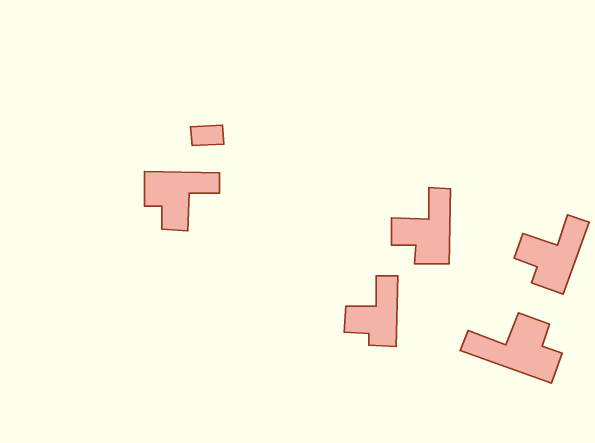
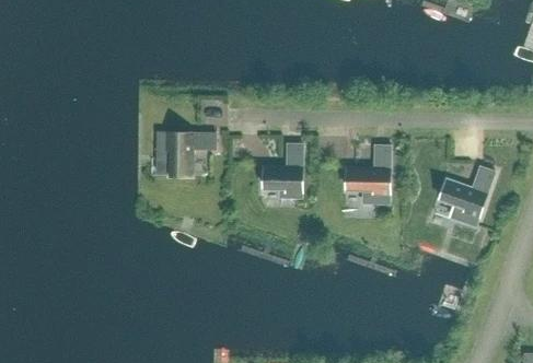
building: [344,276,398,347] -> [262,143,302,197]
building: [460,313,562,383] -> none

